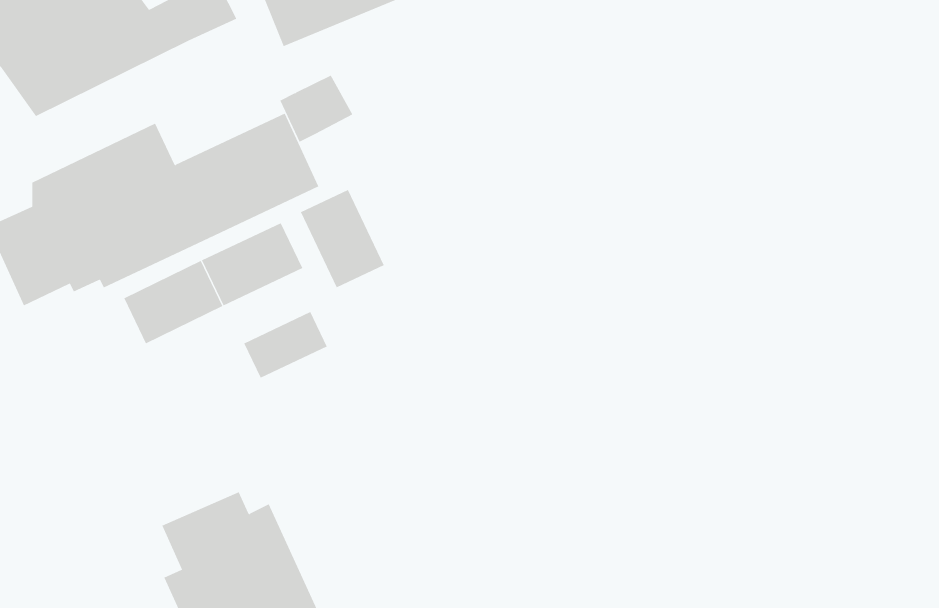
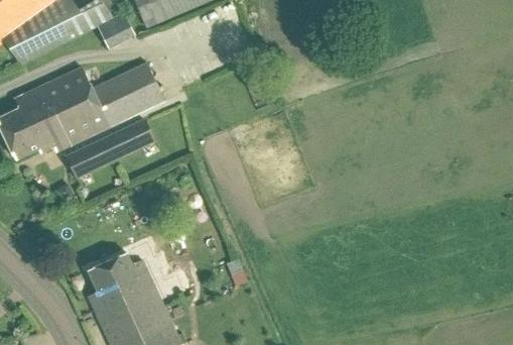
building: [279,75,353,142] -> [98,13,135,47]
building: [300,189,385,288] -> none
building: [243,311,328,379] -> none

